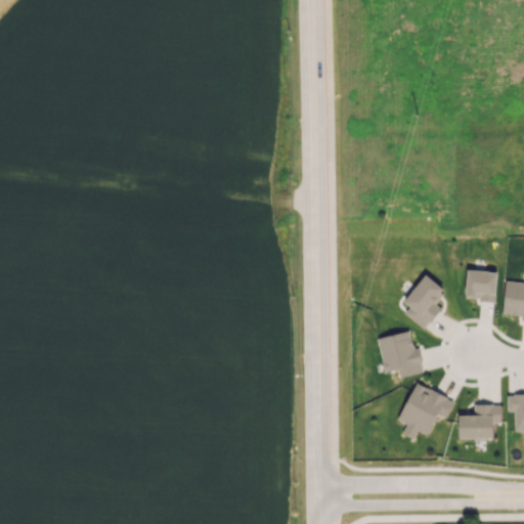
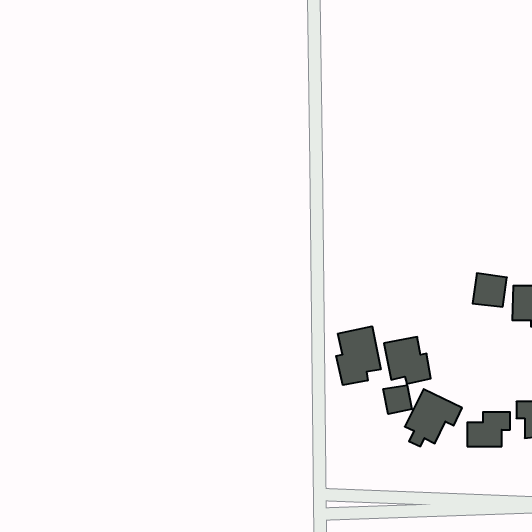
building: [404,275,445,330] -> none
building: none -> [336,326,381,385]
building: none -> [383,385,412,414]

